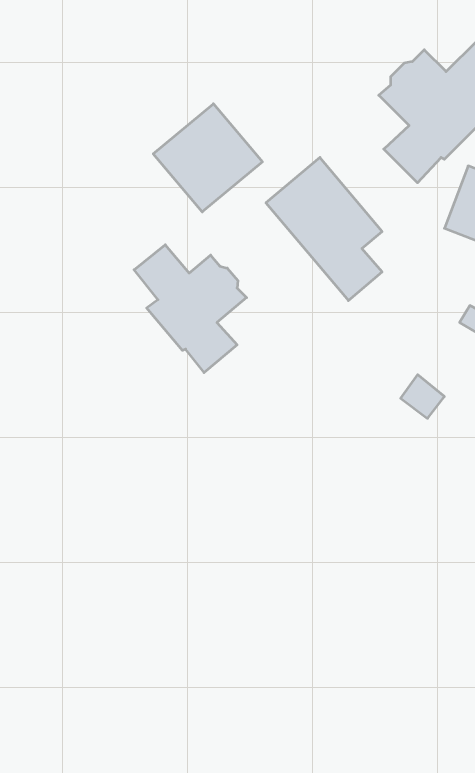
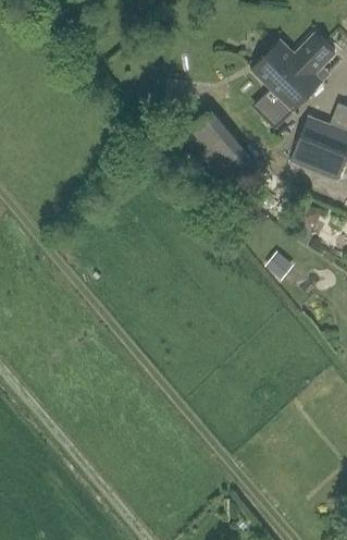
building: [153,104,262,212] -> none
building: [134,245,247,373] -> none

